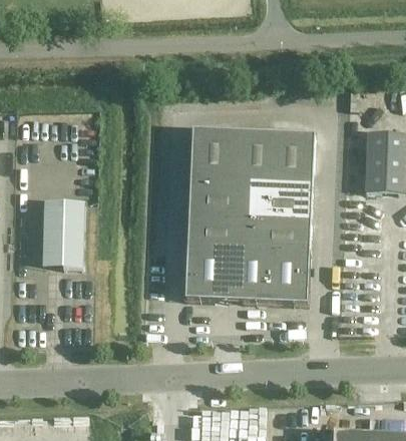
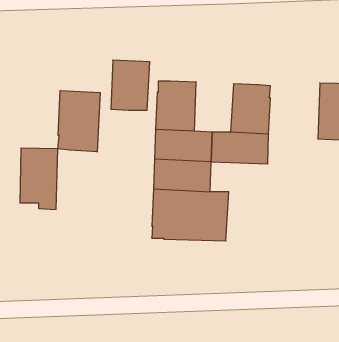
building: [233,128,275,182] -> [111,60,150,110]
building: none -> [58,91,100,152]
building: [250,214,312,302] -> none

